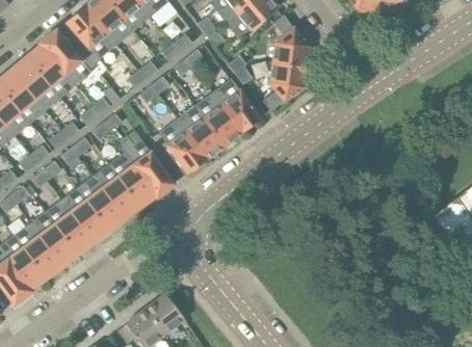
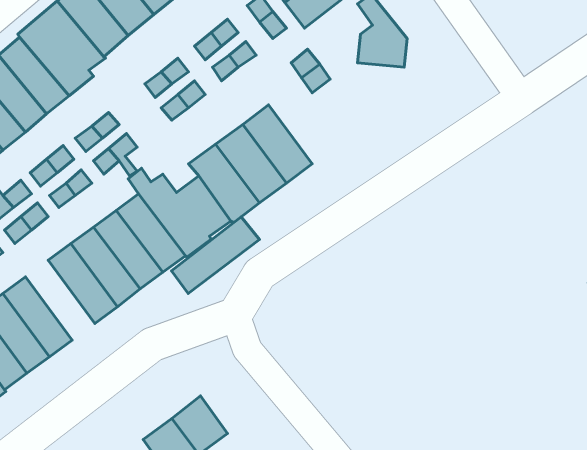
building: [264,63,306,112] -> none
building: [212,79,261,133] -> none
building: none -> [172,217,260,293]
building: [45,199,93,255] -> none

